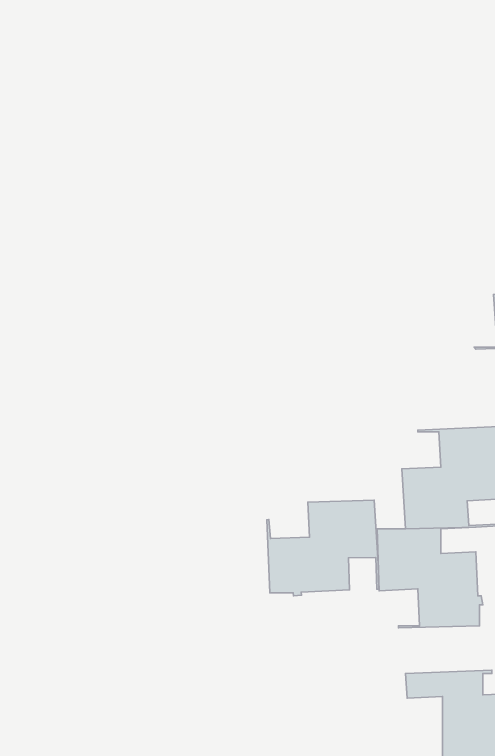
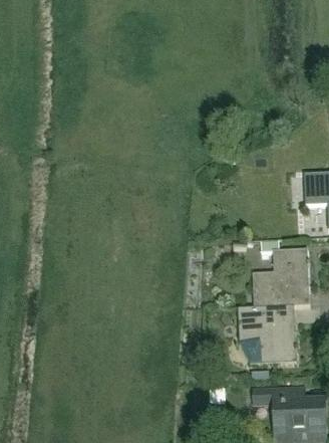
building: [267,500,379,596] -> none

